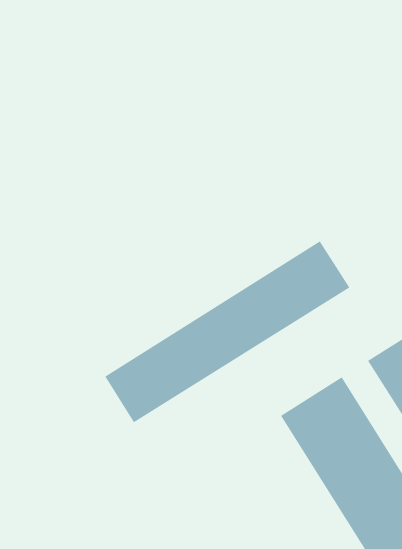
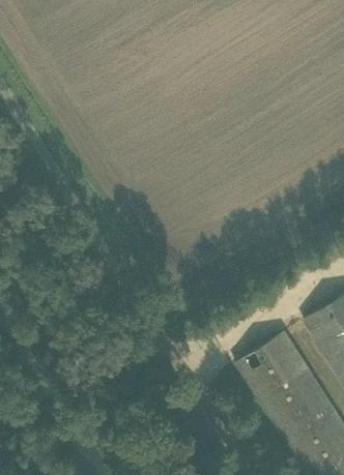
building: [105,240,350,423] -> none

